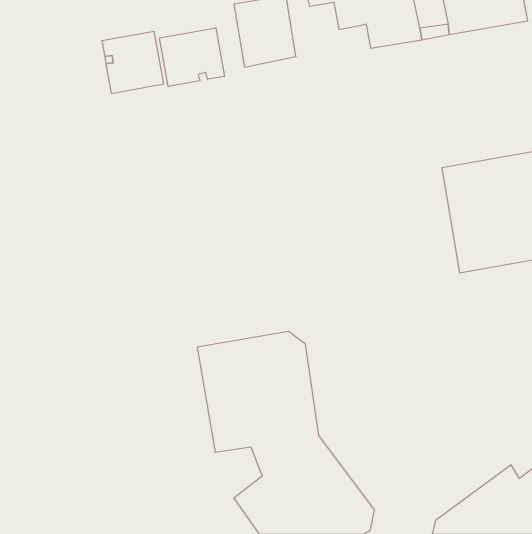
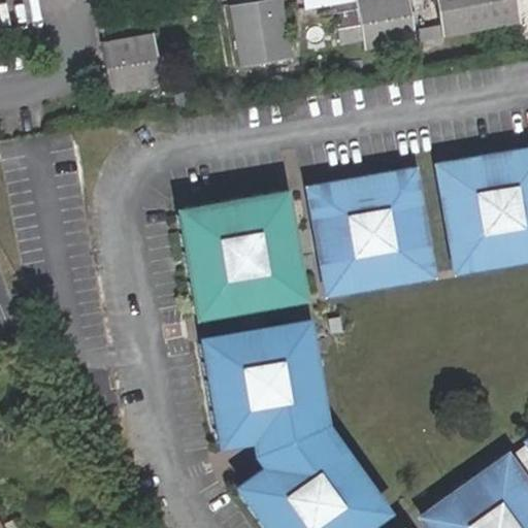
building: [159,28,224,87] -> none
building: none -> [309,171,431,289]
building: none -> [178,196,297,317]

